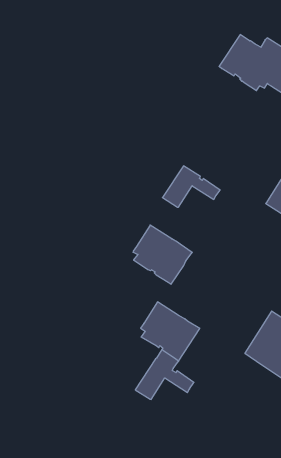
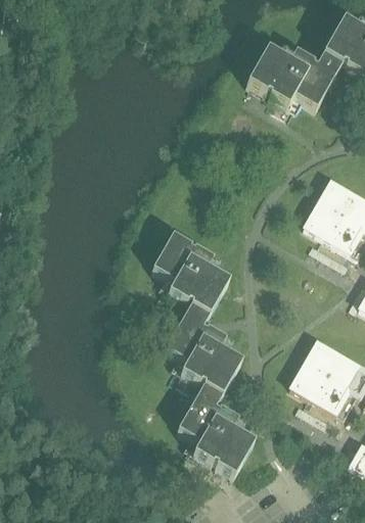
building: [162,166,220,207] -> [152,235,213,279]
building: none -> [165,305,226,360]
building: none -> [191,416,254,477]

